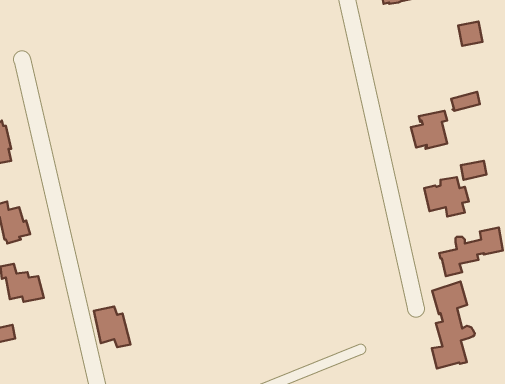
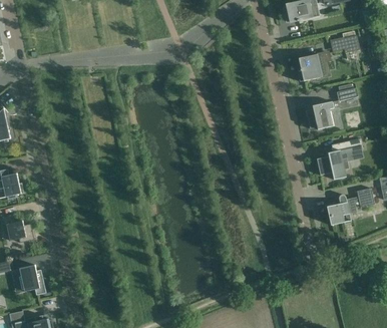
building: none -> [296,52,330,81]
building: [432,282,475,368] -> none
building: [94,307,131,347] -> [18,265,45,295]

